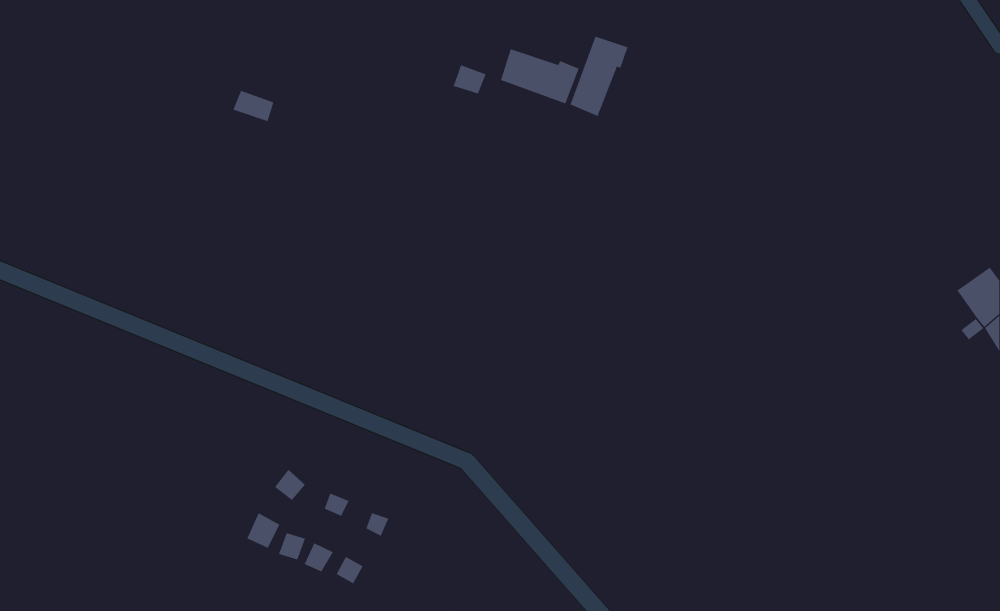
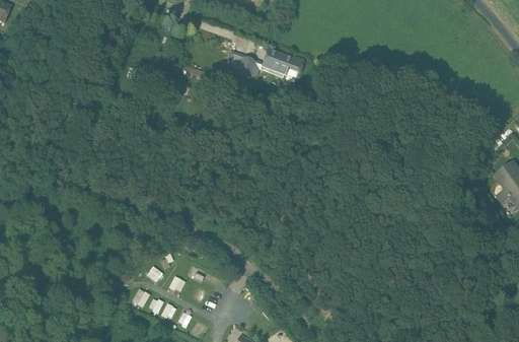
building: [570,36,628,117] -> none

